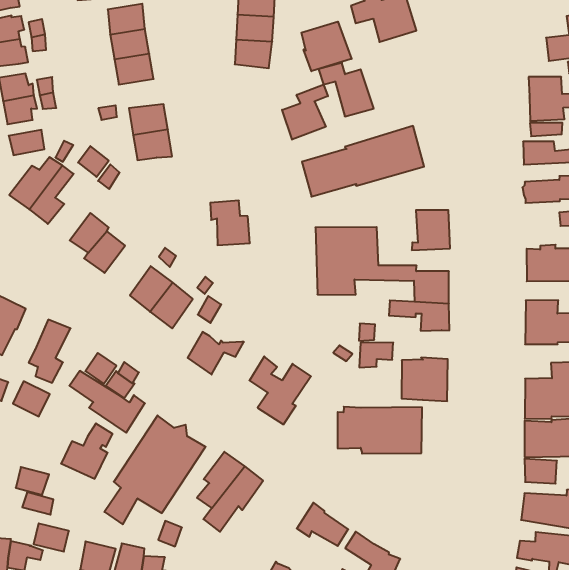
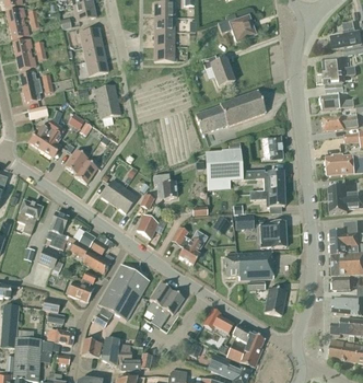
building: [301,22,352,71] -> none
building: [282,85,328,140] -> none
building: [210,201,250,245] -> [153,172,177,198]
building: none -> [265,287,286,314]

